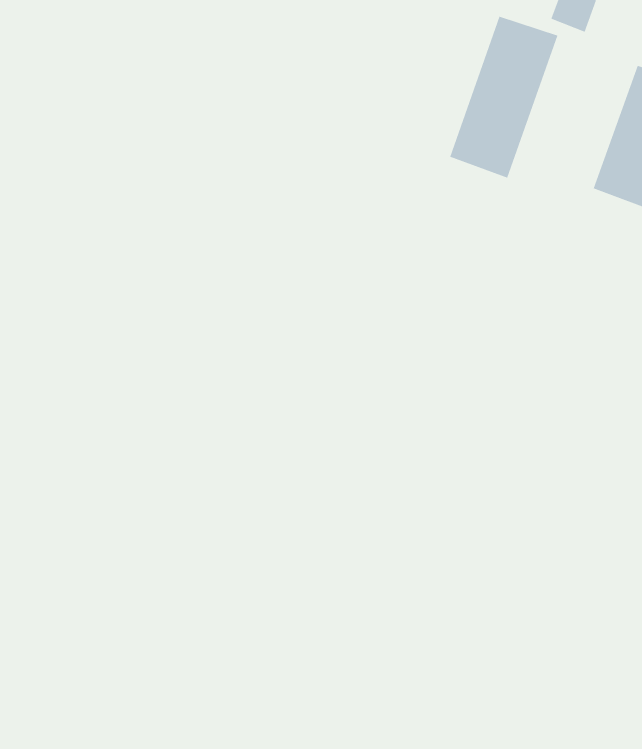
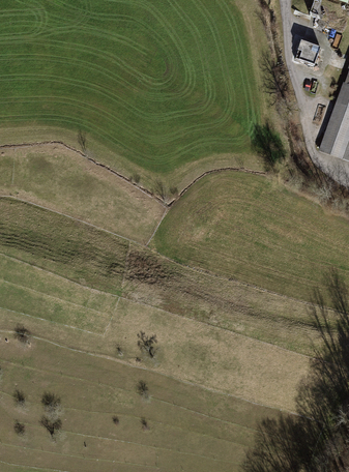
building: [450,16,558,178] -> none

